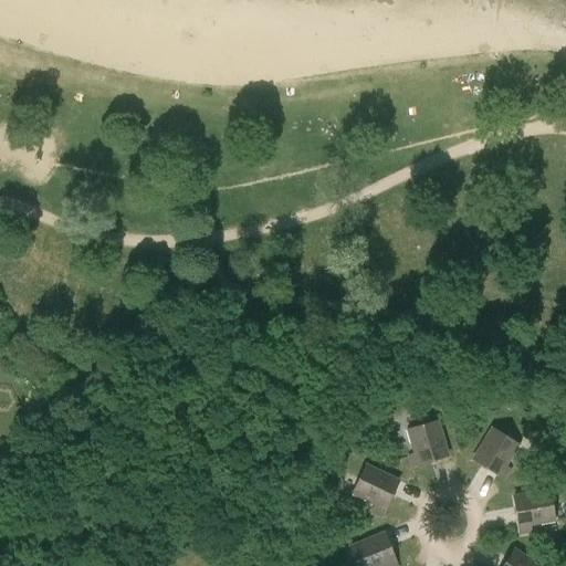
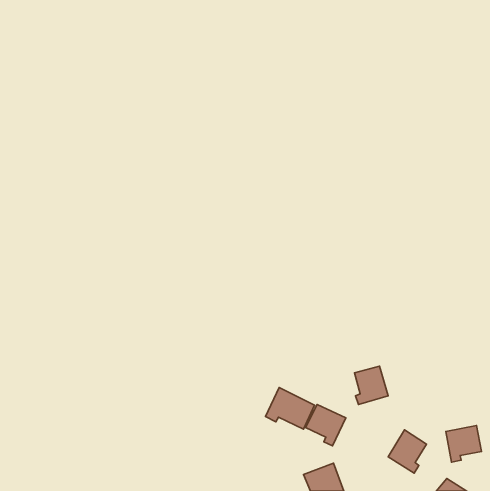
building: [474,428,518,478] -> [388,430,427,473]
building: none -> [265,388,315,429]

